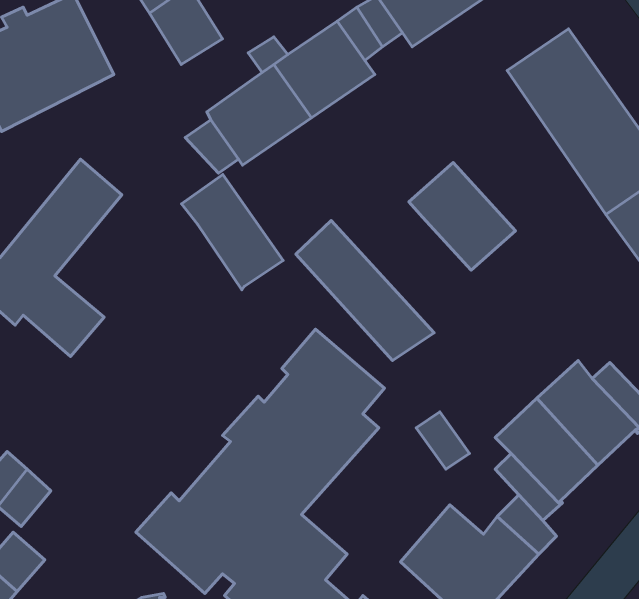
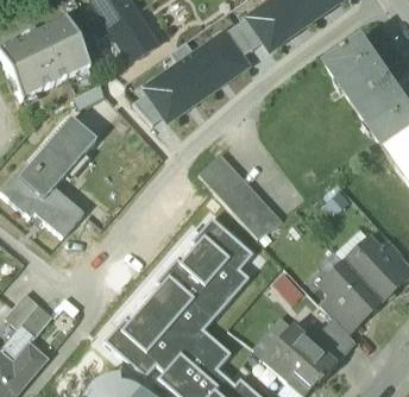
building: [409,163,515,270] -> none
building: [181,175,283,290] -> none

